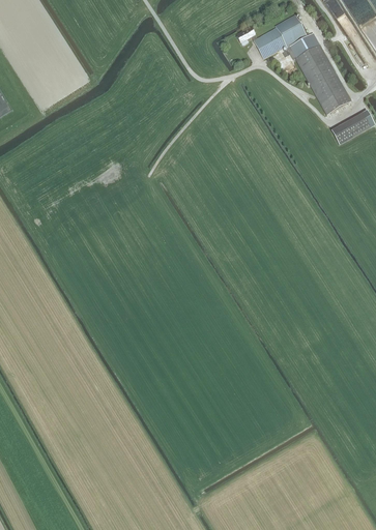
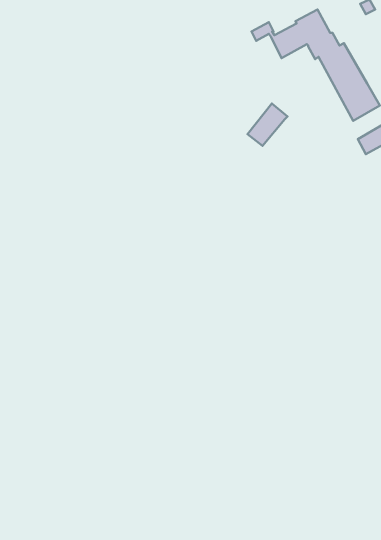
building: none -> [248,103,288,146]

